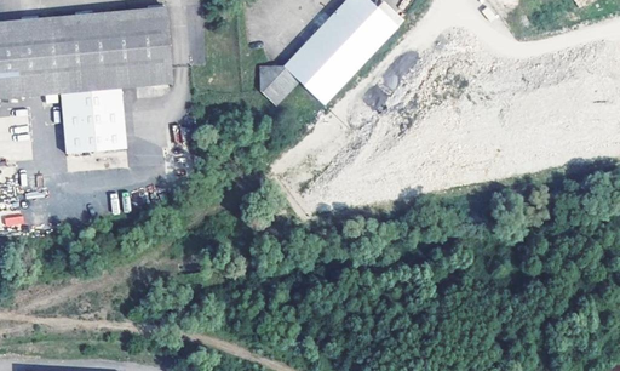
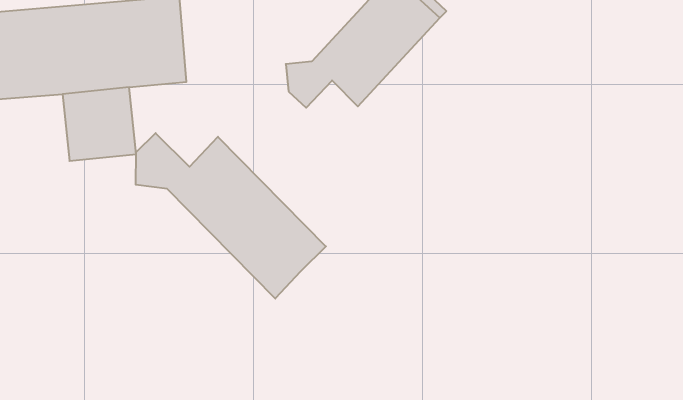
building: none -> [136,133,326,299]

